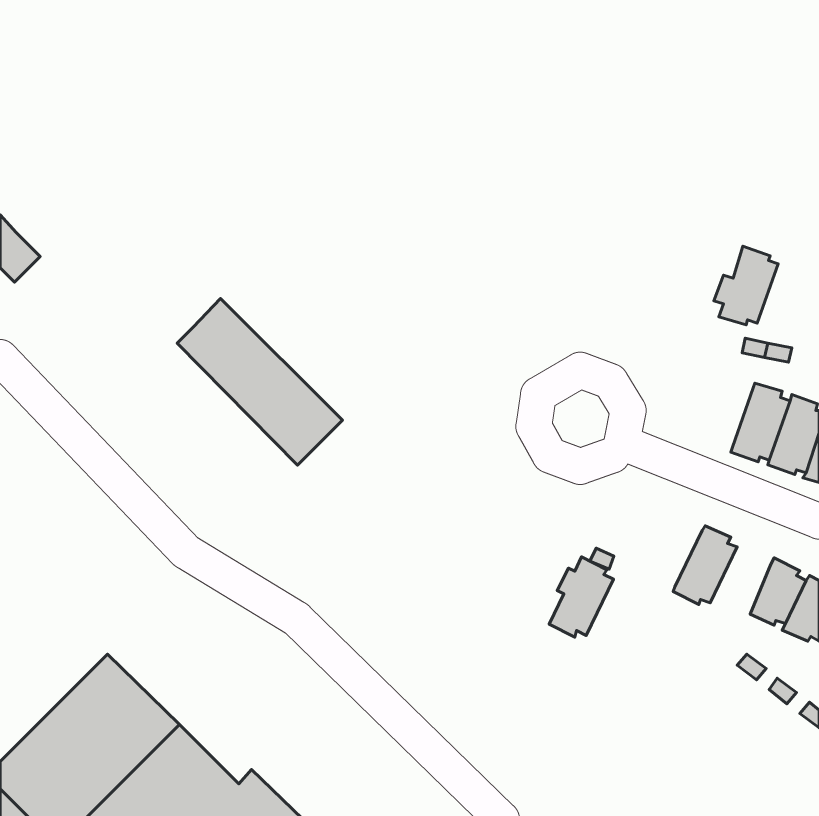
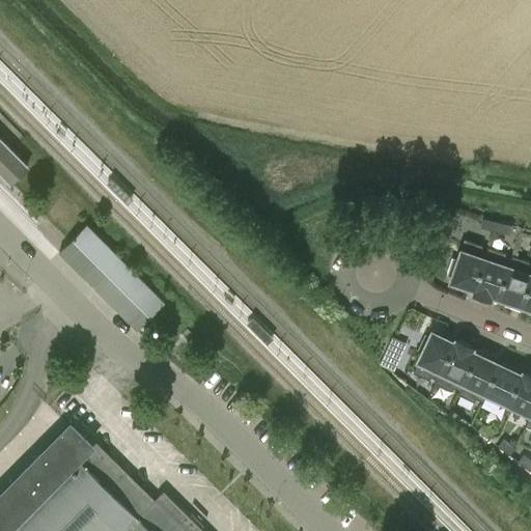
building: [714,246,778,325] -> [446,242,487,292]
building: [177,298,342,465] -> [58,225,165,333]
building: none -> [457,353,499,403]
building: [549,557,613,637] -> [413,331,454,383]

